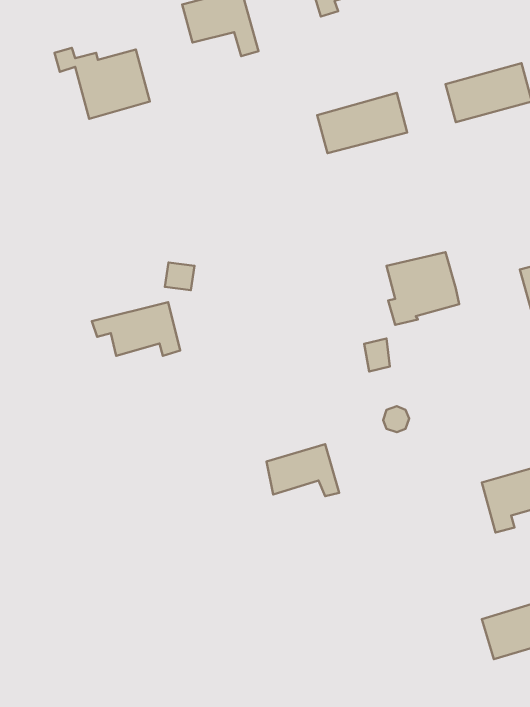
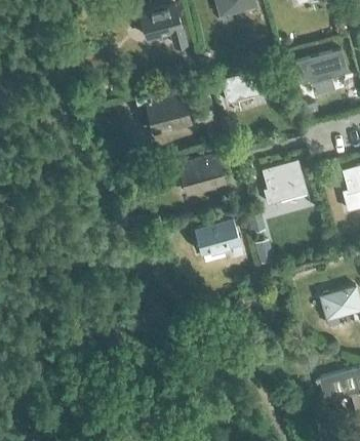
building: [54,48,150,119] -> [134,92,191,134]
building: [92,302,180,356] -> [171,156,224,188]
building: [266,444,339,496] -> [198,218,241,249]

